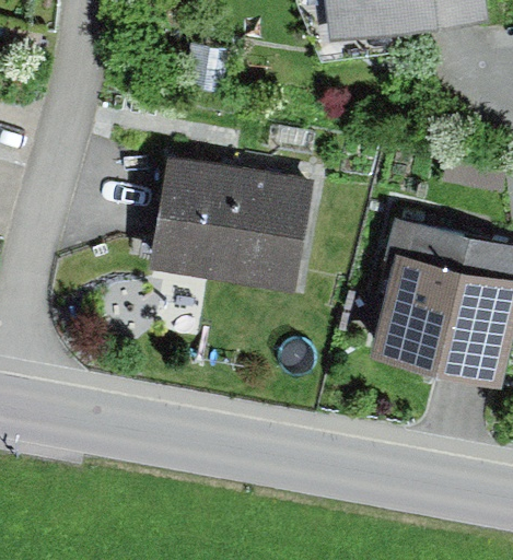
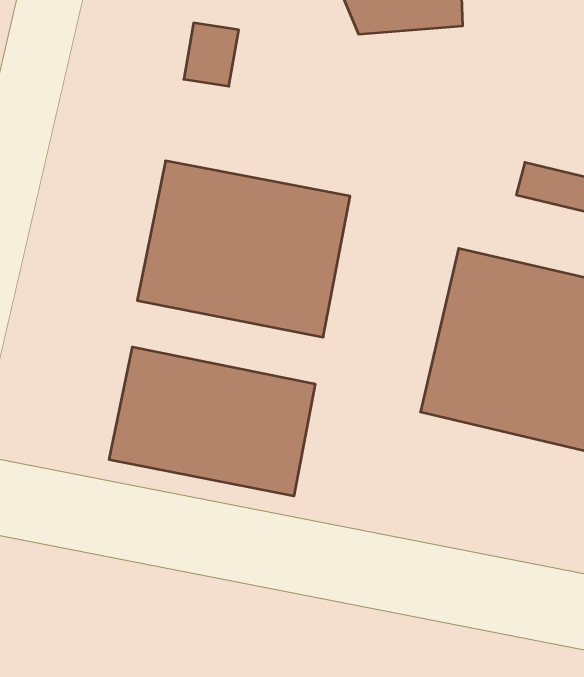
building: none -> [109,347,315,496]

